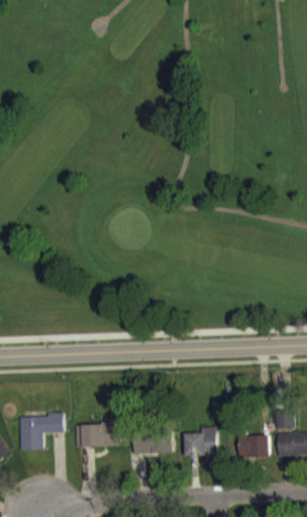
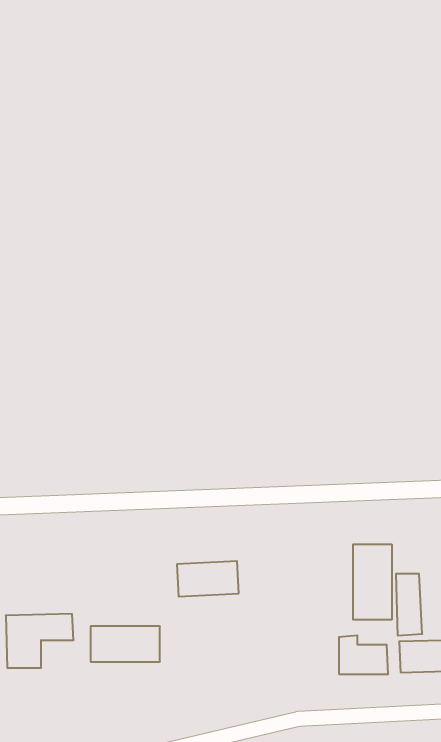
building: none -> [353,544,392,620]
building: [184,428,217,456] -> none
building: [132,432,173,455] -> [177,561,239,597]

